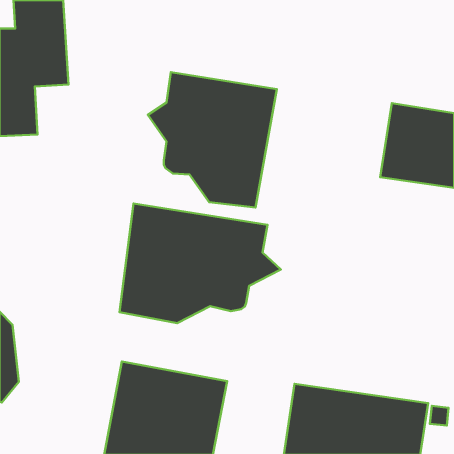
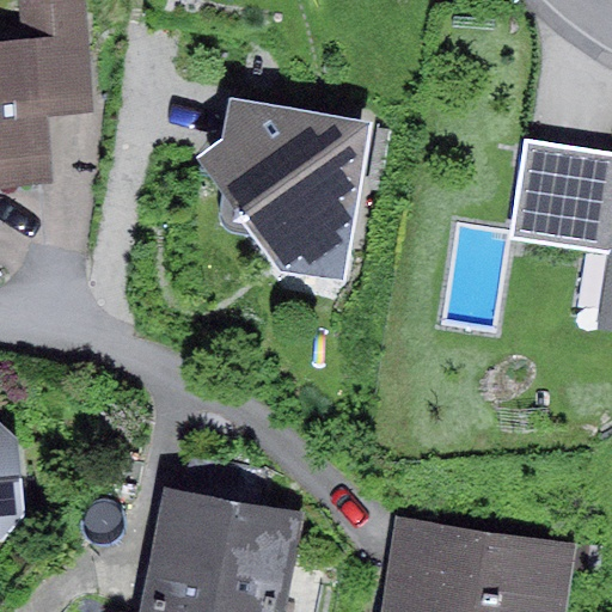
building: [119,204,281,323] -> none

